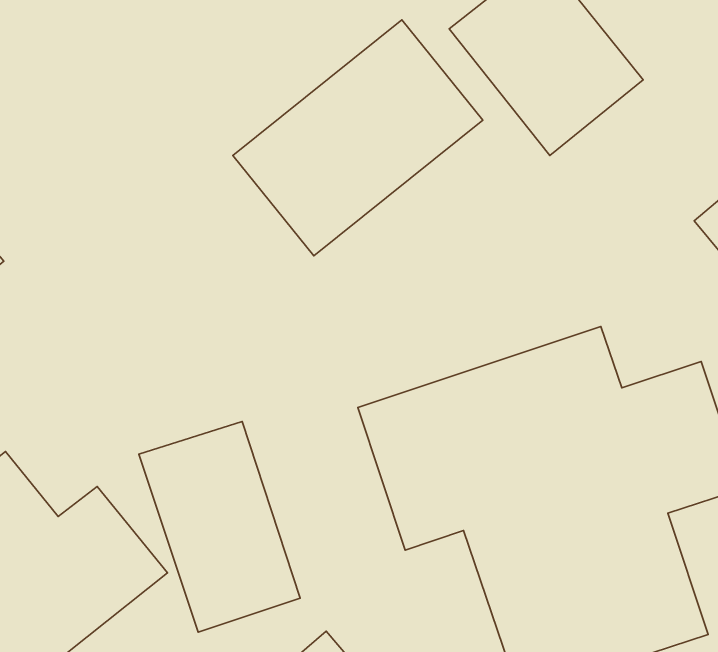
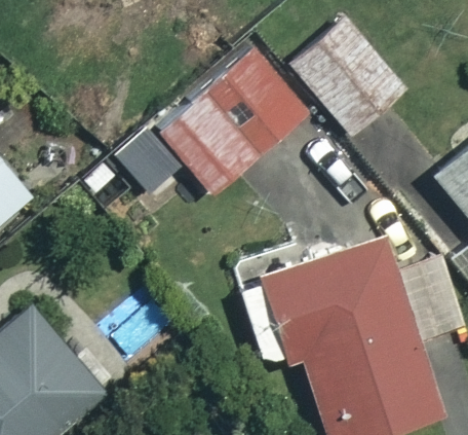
building: [139,421,300,632] -> none

